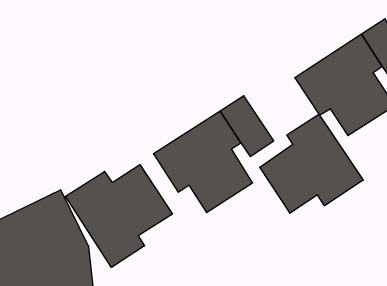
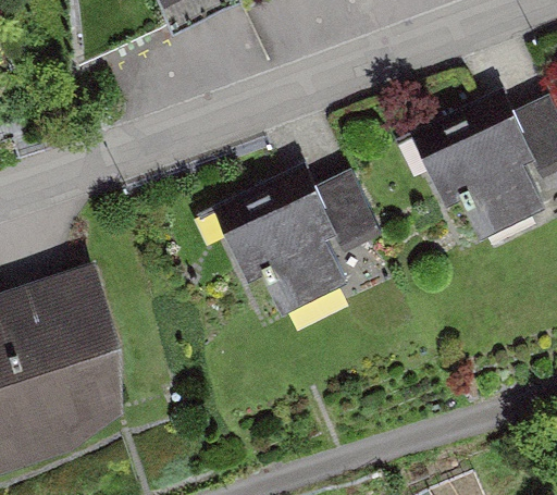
building: [260,114,363,213] -> none
building: [66,165,172,267] -> none

